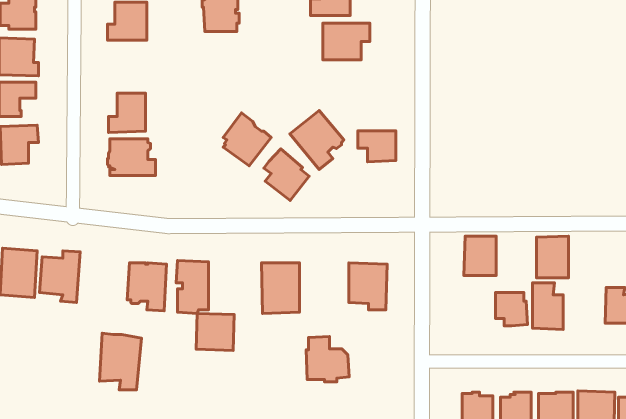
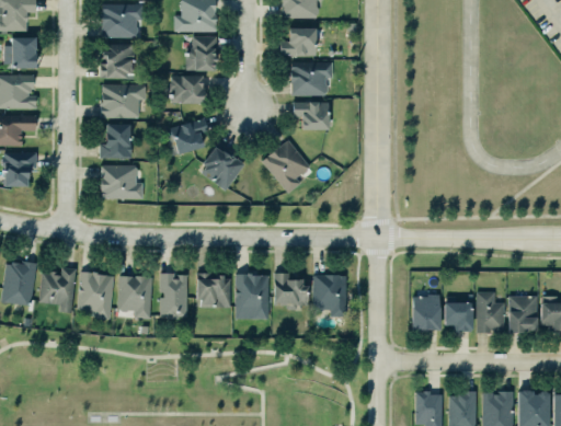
building: none -> [171,76,204,104]
building: none -> [100,83,146,120]
building: none -> [168,122,210,157]
building: [358,131,396,162] -> [293,101,327,128]
building: [264,149,309,201] -> none
building: [536,236,568,278] -> [508,296,537,333]
building: [464,236,496,276] -> [412,296,440,331]
building: [196,313,234,350] -> [197,275,231,308]
building: [100,333,141,390] -> [78,268,115,319]
building: [306,336,349,382] -> [271,269,309,310]

